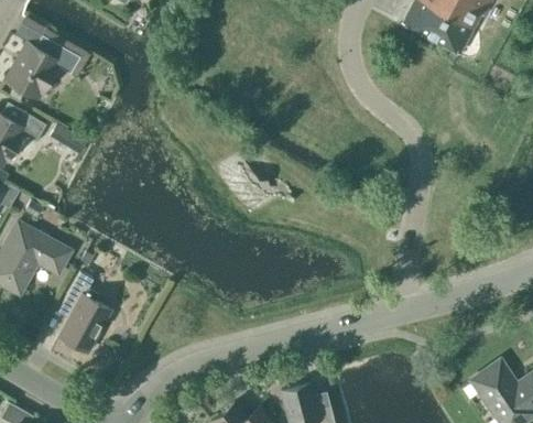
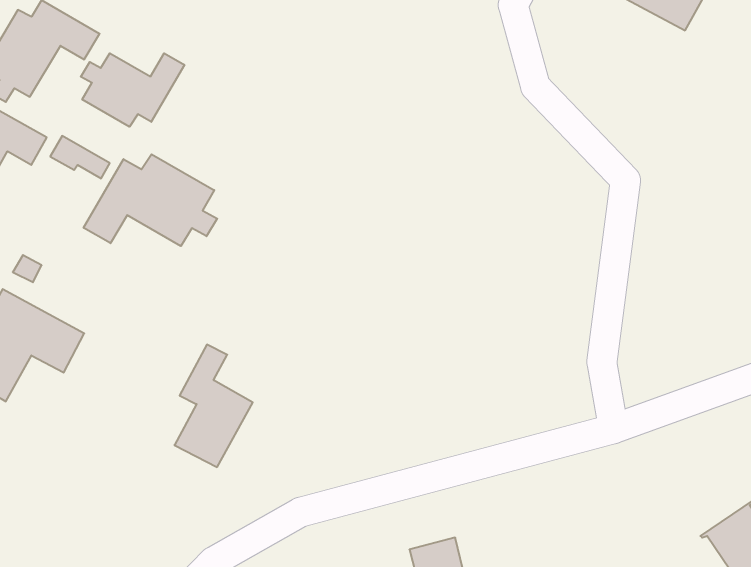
building: none -> [81,53,184,127]
building: none -> [84,154,217,246]
building: [59,271,110,350] -> [174,345,253,467]

